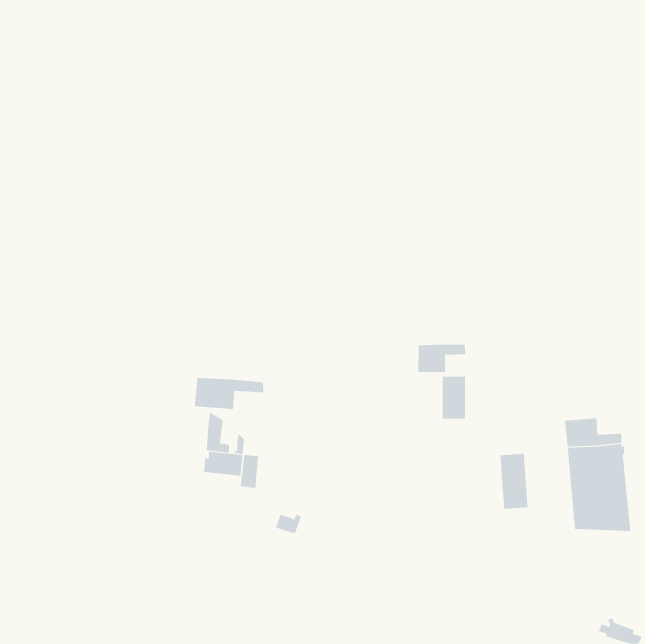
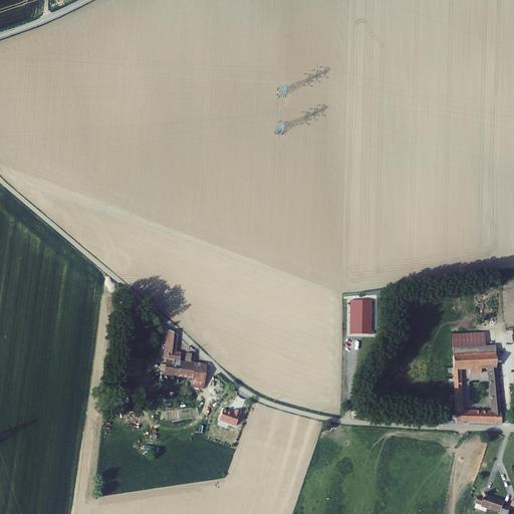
building: [418,344,466,373] -> none
building: [194,377,264,410] -> none
building: [500,453,528,510] -> none

